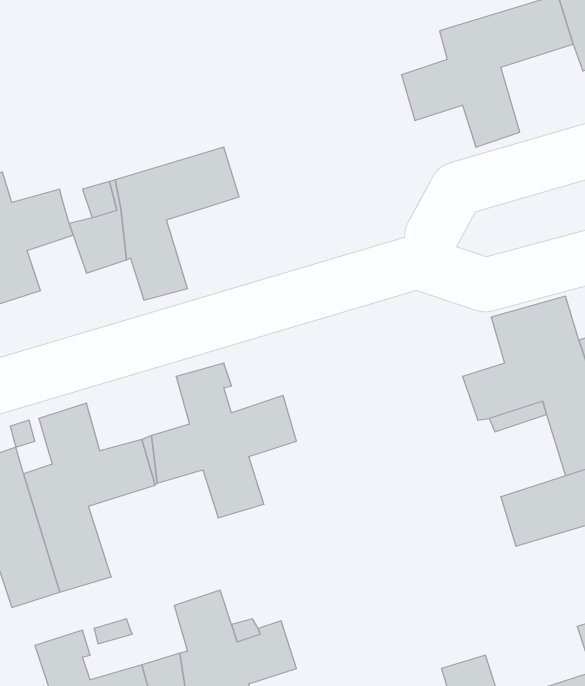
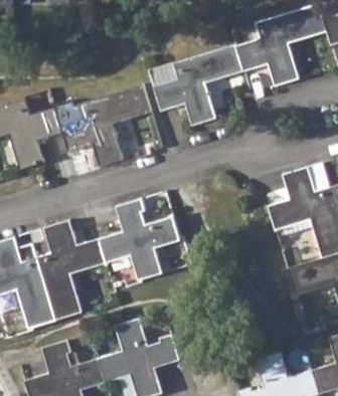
building: none -> [149,44,242,126]

